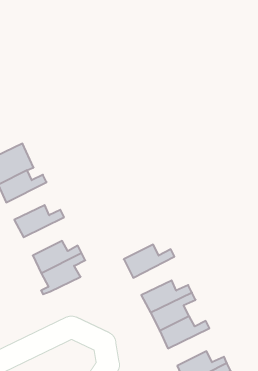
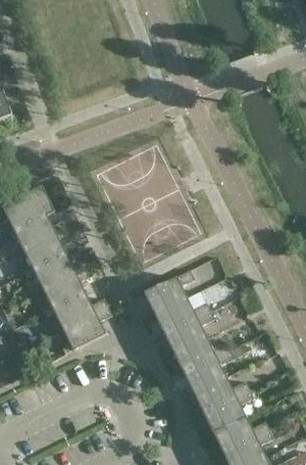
building: none -> [21,228,70,270]
building: none -> [41,267,90,310]
building: none -> [142,270,192,314]
building: none -> [162,311,212,354]
building: none -> [201,390,251,432]

